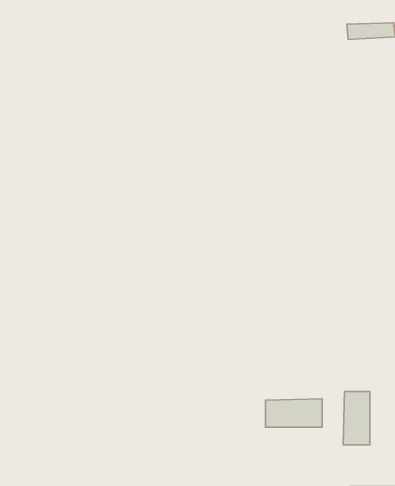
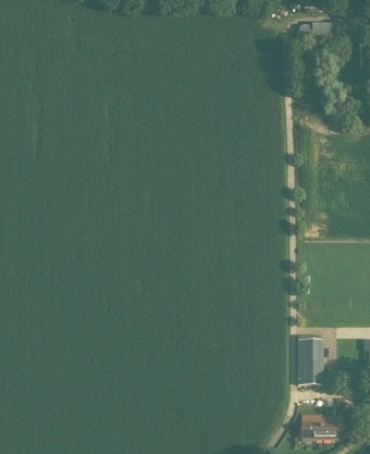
building: [265,399,322,427] -> none

